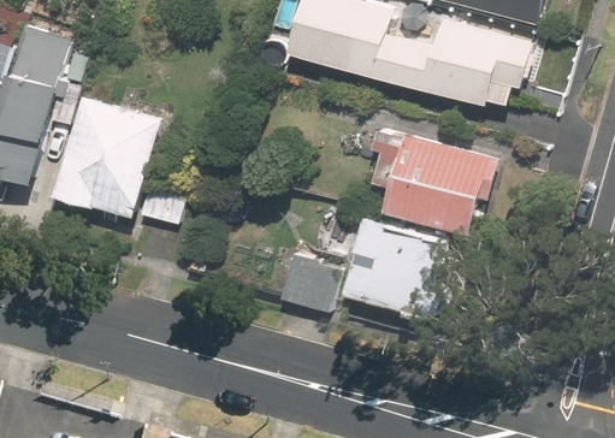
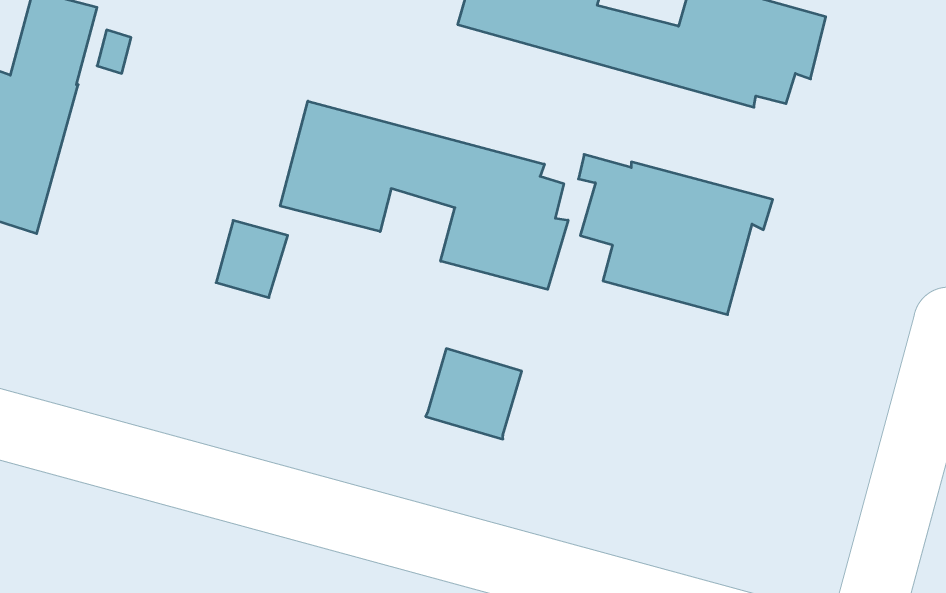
building: none -> [280,101,568,289]
building: [55,99,158,214] -> none
building: [341,215,444,316] -> none

